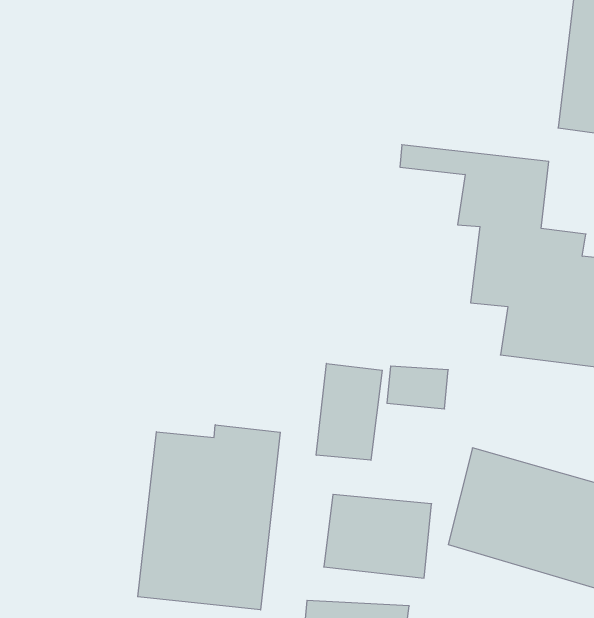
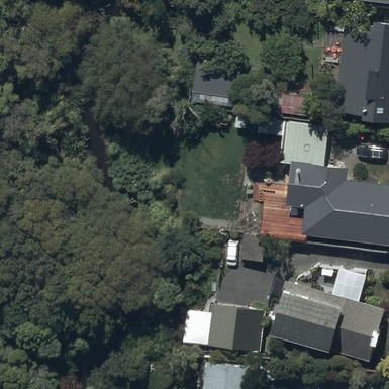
building: [316,363,382,460] -> none
building: [138,425,280,610] -> none

